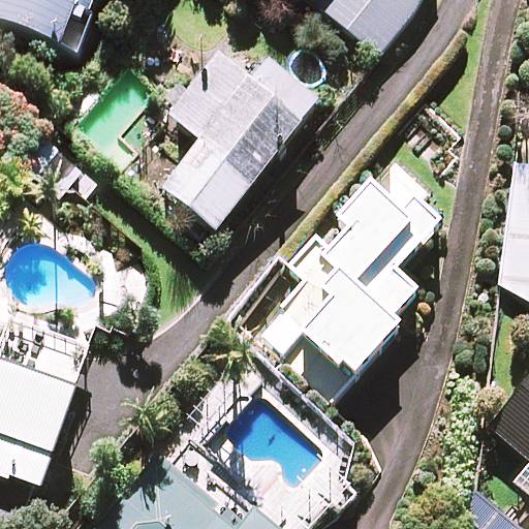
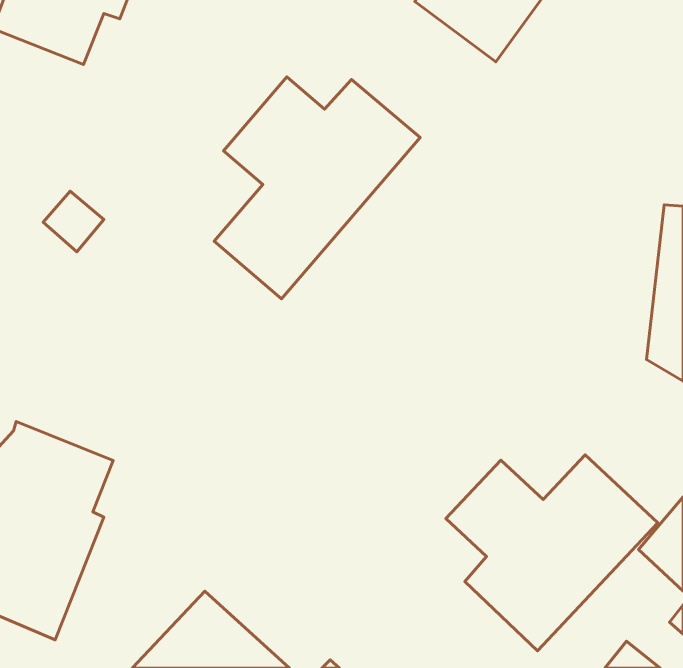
building: [261,157,440,398] -> none
building: none -> [446,455,658,651]

